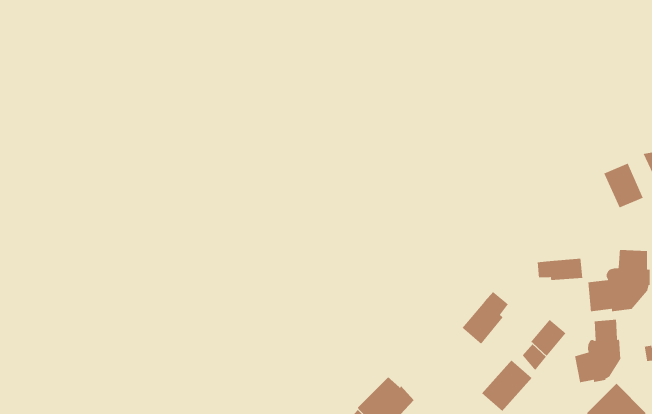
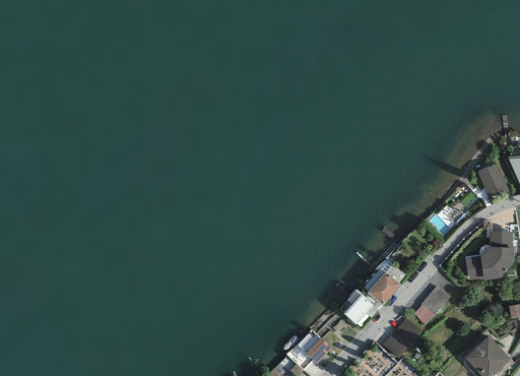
building: [537,258,583,281] -> none
building: [574,319,621,383] -> none
building: none -> [343,289,374,324]

